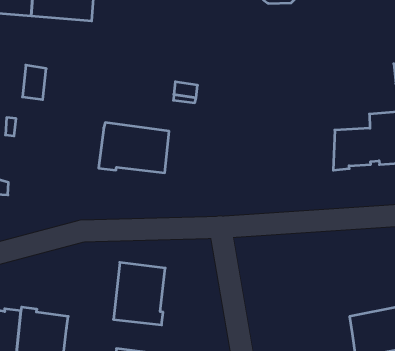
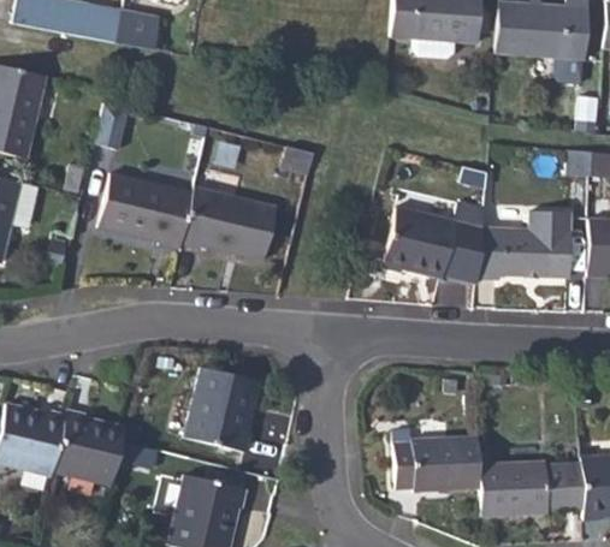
building: none -> [390,201,488,283]
building: none -> [101,176,195,250]
building: none -> [395,435,481,493]

